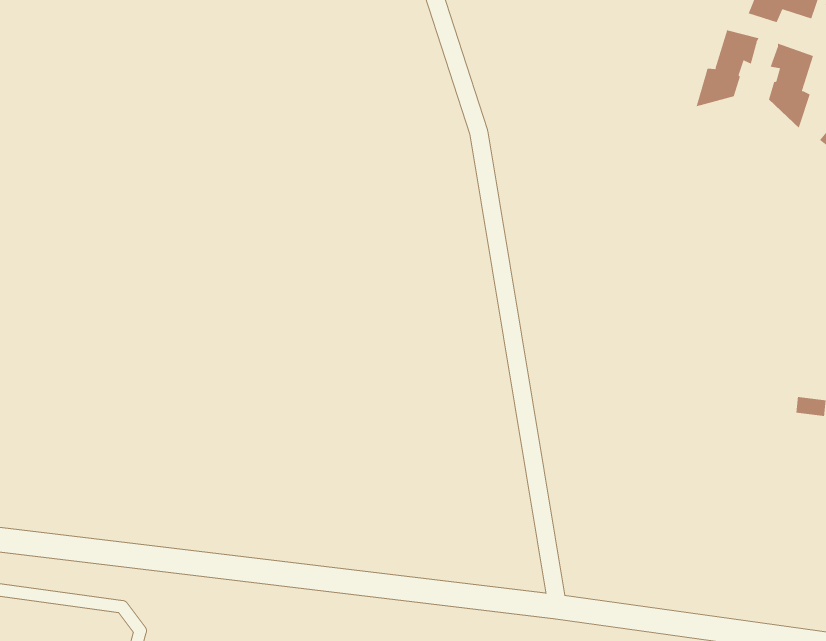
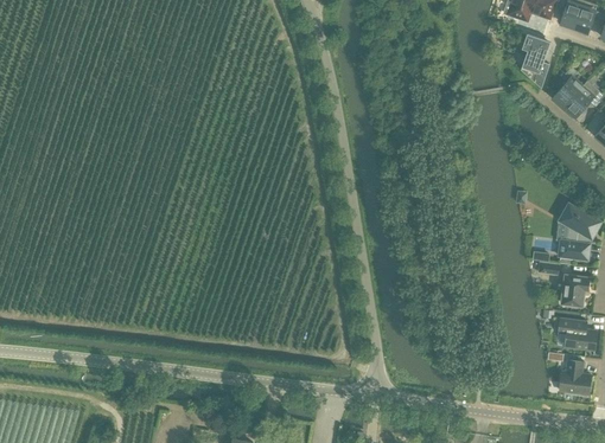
building: [696,29,759,107] -> none

